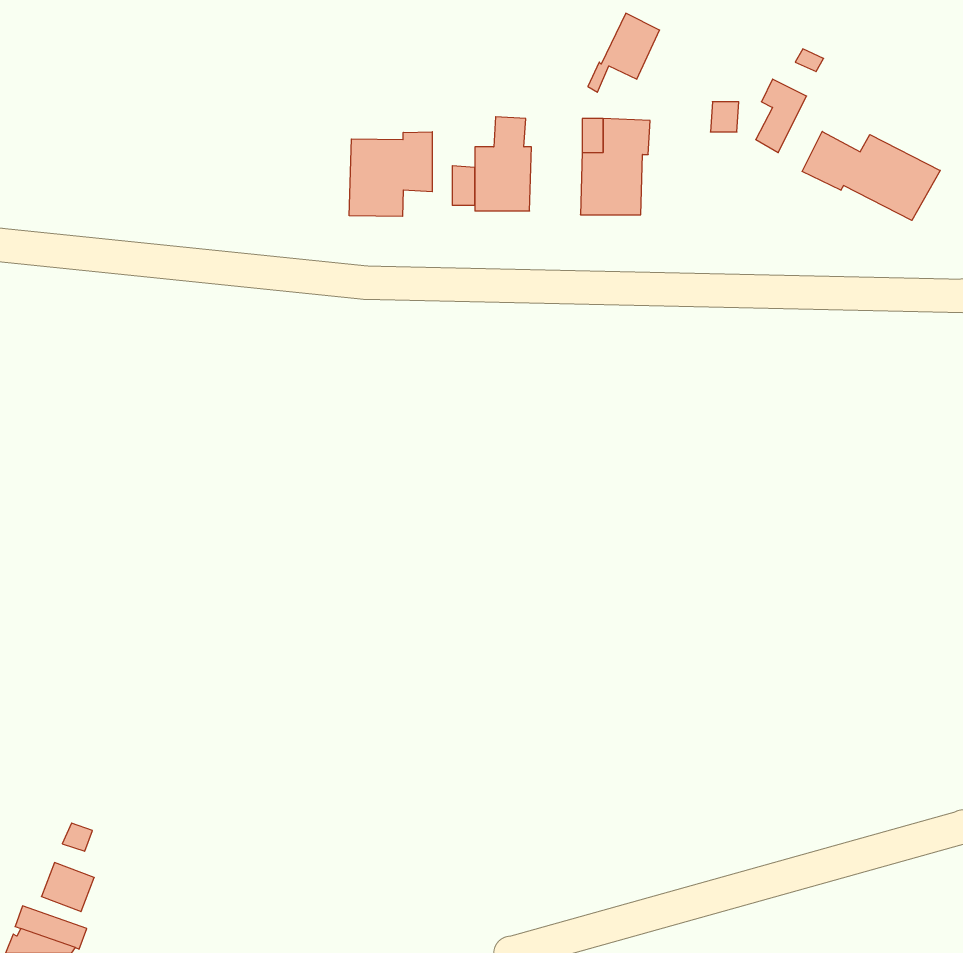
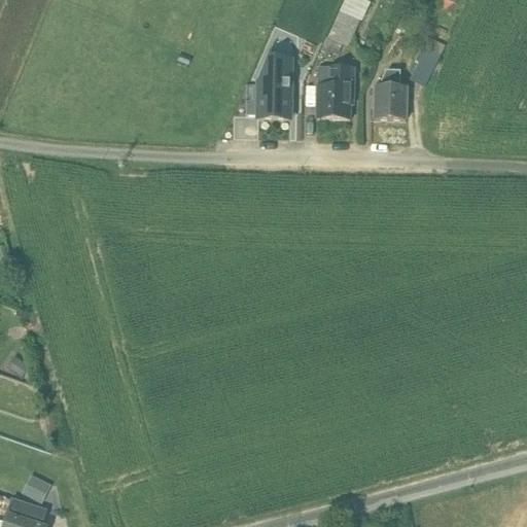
building: [802,131,940,220] -> none
building: [349,132,432,216] -> none
building: none -> [375,84,407,118]

